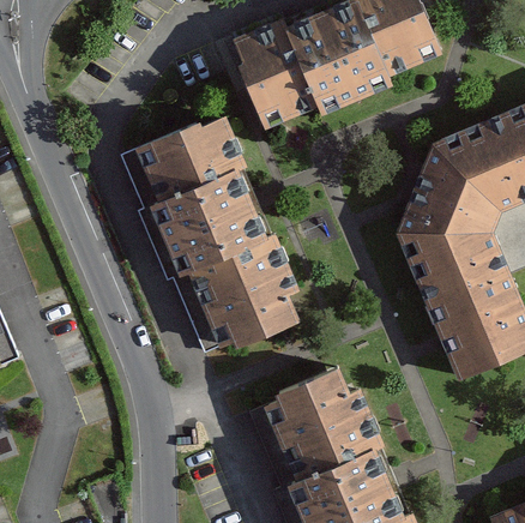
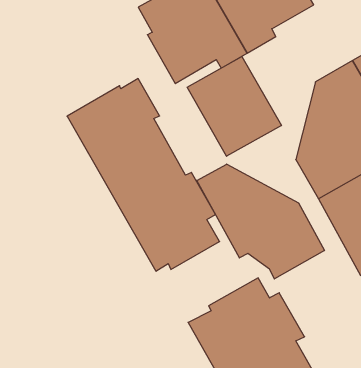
building: none -> [187,57,281,156]
building: none -> [197,164,324,279]

